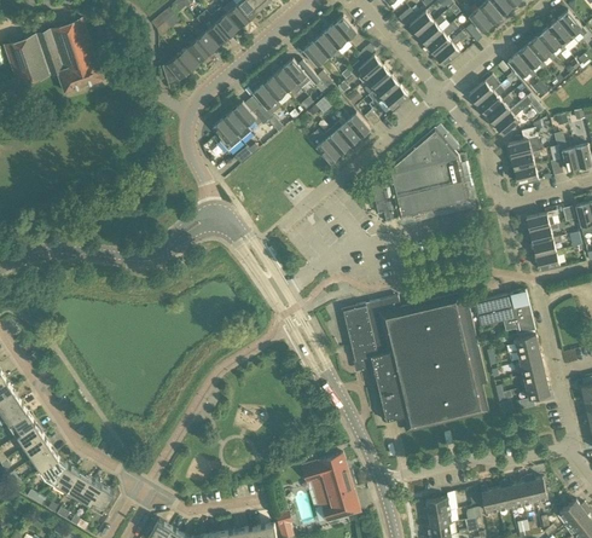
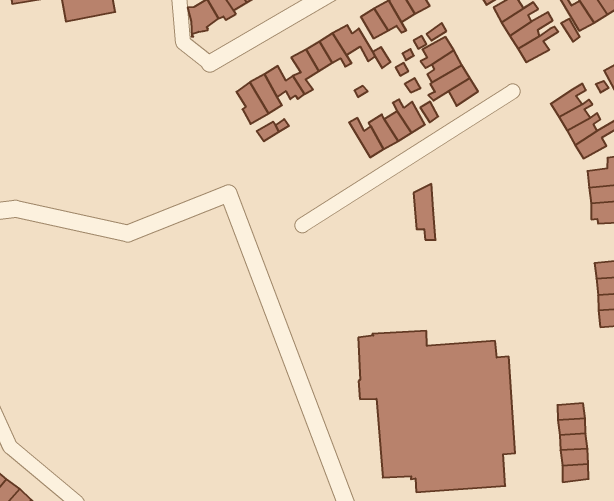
building: [388,123,470,222] -> none
building: [475,290,535,335] -> none

